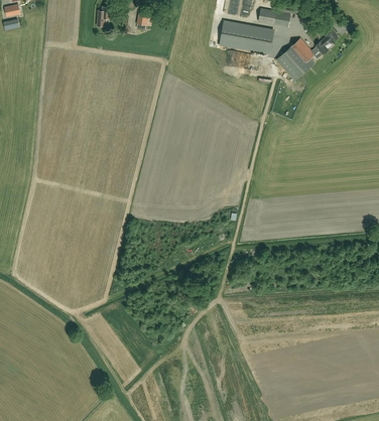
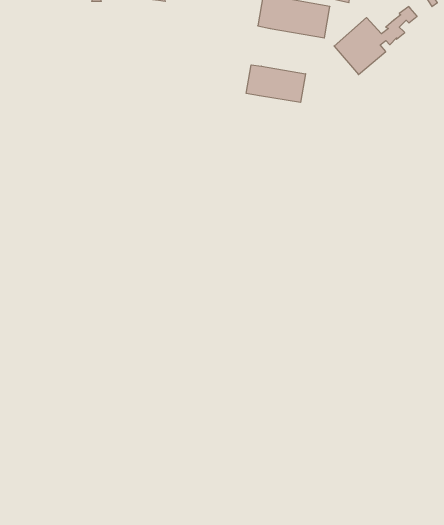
building: none -> [246,65,306,102]

